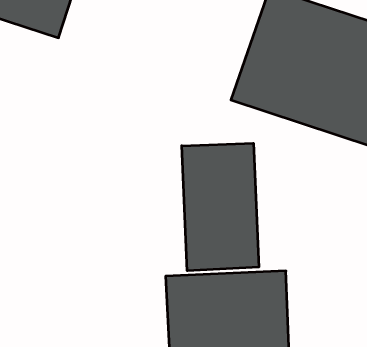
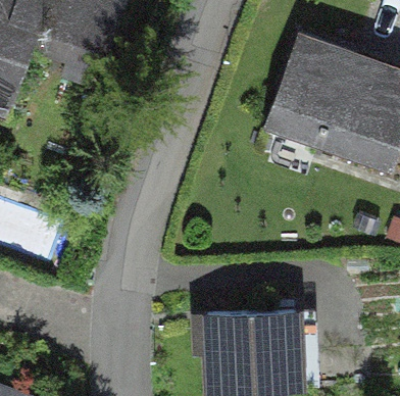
building: [182,143,259,271] -> none

